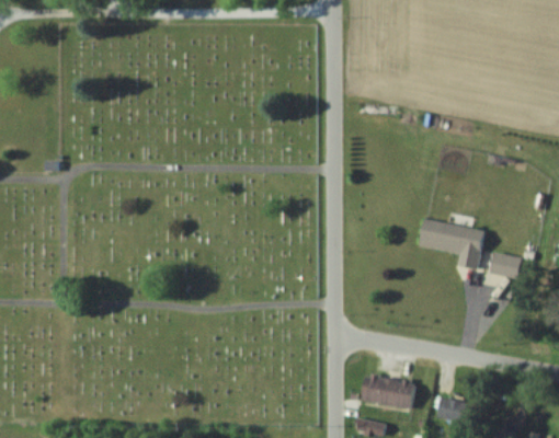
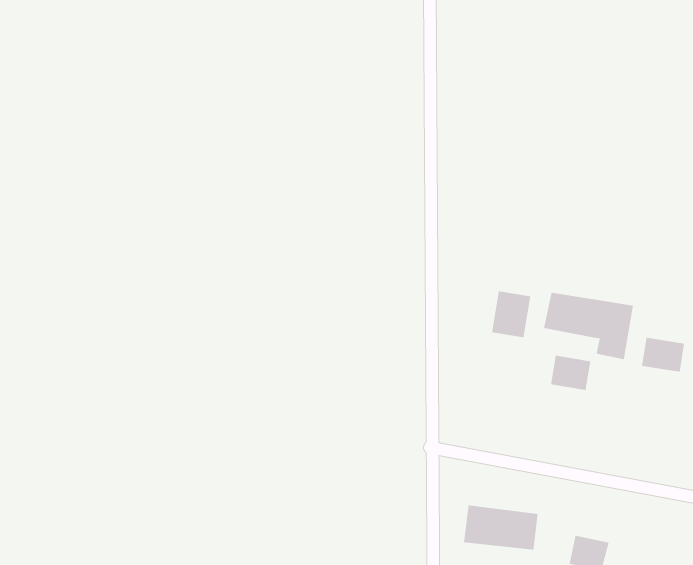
building: none -> [491,291,531,338]
building: none -> [551,355,591,391]

